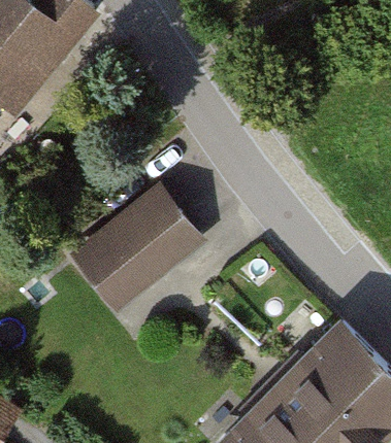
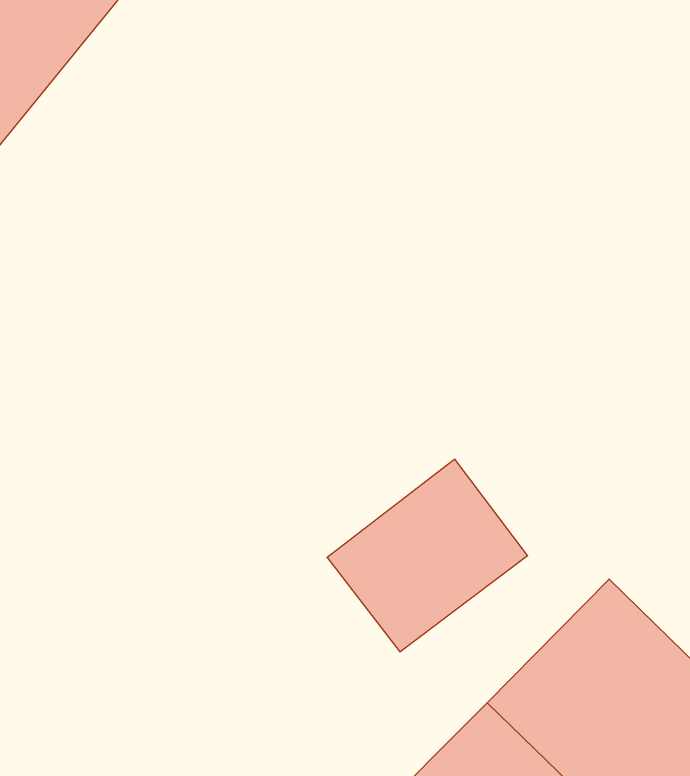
building: [95,188,200,288] -> [327,459,528,652]

